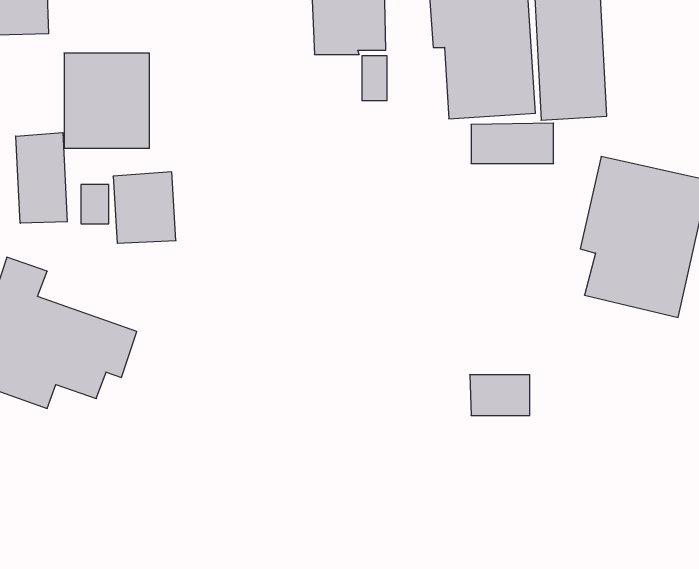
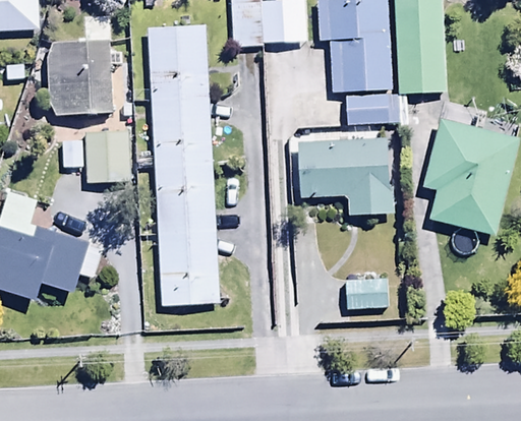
building: none -> [148,25,220,305]
building: [16,133,67,223] -> none
building: none -> [299,127,394,214]

